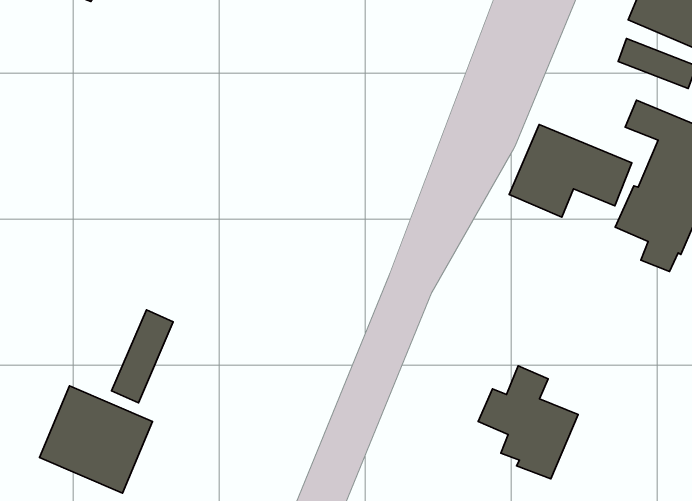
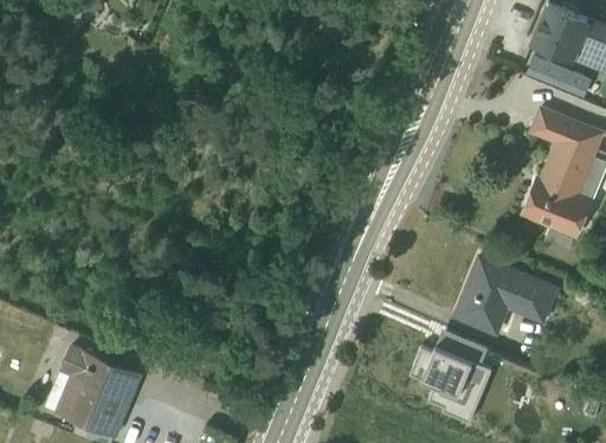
building: [509,124,632,217] -> [456,255,557,332]
building: [112,310,173,403] -> none

